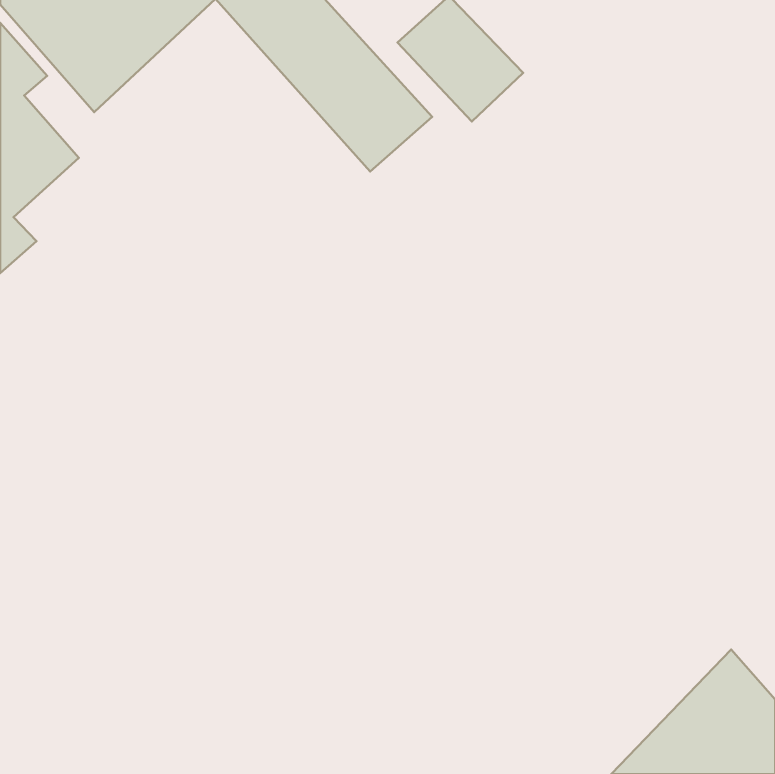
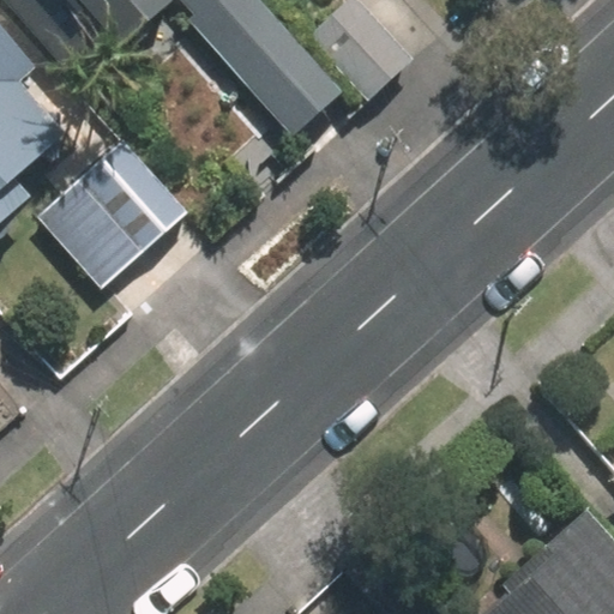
building: none -> [32,146,175,288]

